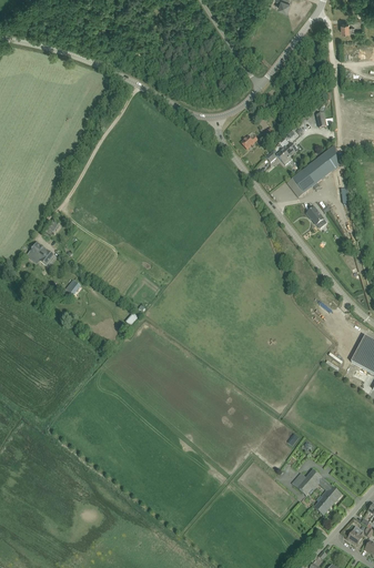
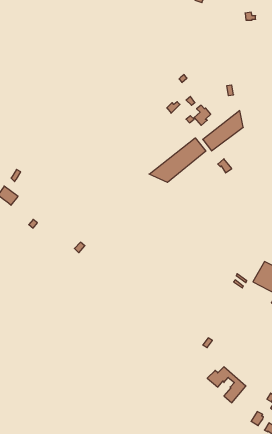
building: none -> [149,138,206,182]

